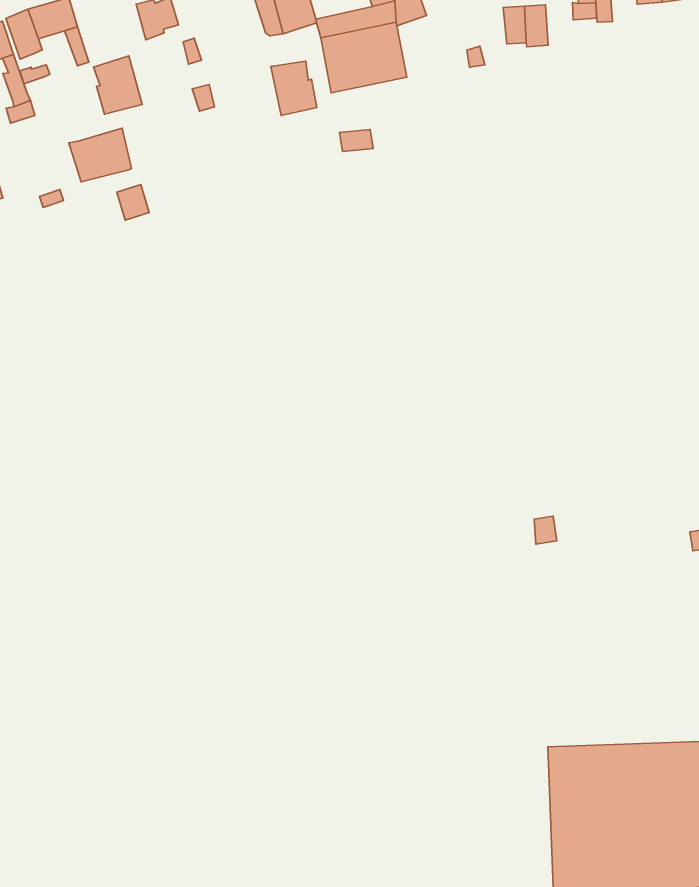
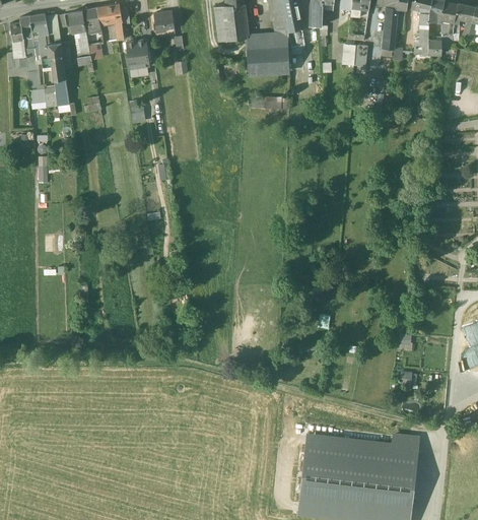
building: [271,61,317,116] -> none
building: [69,128,132,182] -> none

